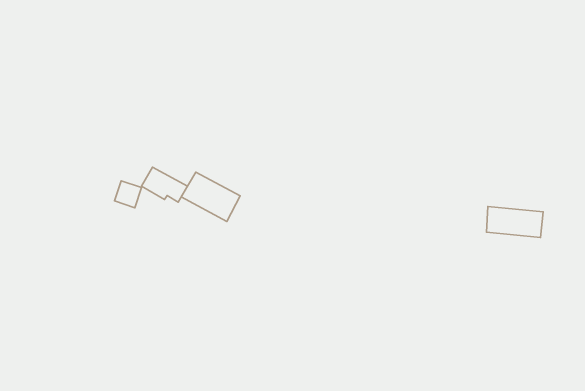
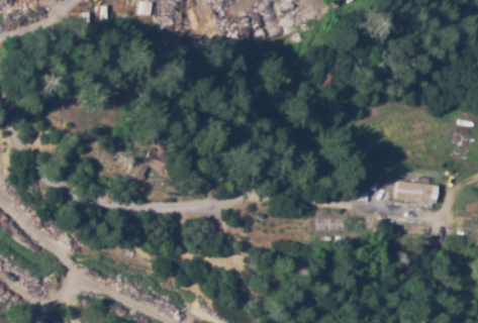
building: [181,172,240,221] -> none

